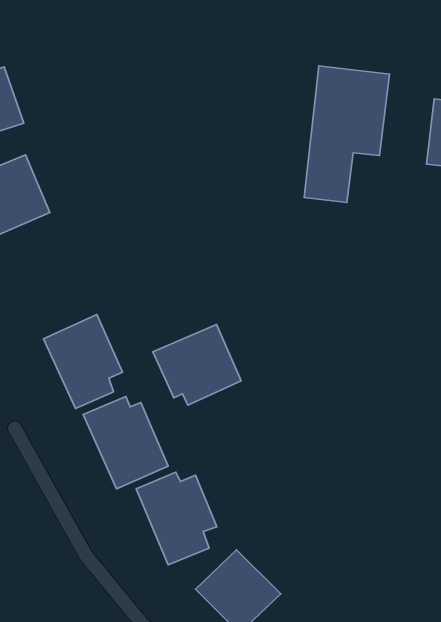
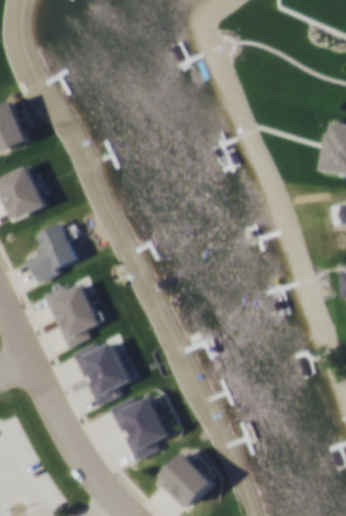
building: [304,66,389,202] -> none
building: none -> [23,221,79,283]
building: [153,325,241,405] -> none

